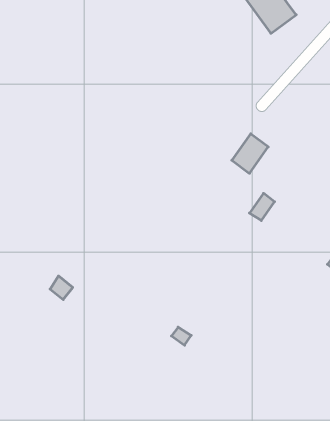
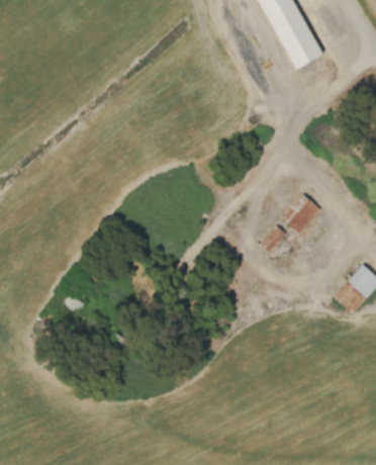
building: [232,134,268,173] -> [285,193,321,231]

